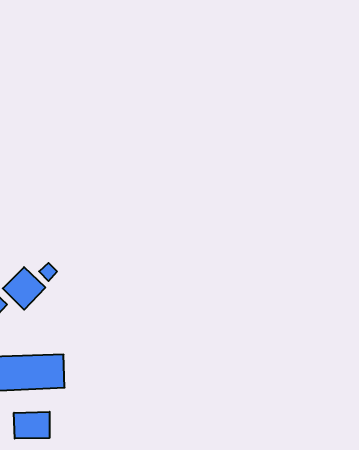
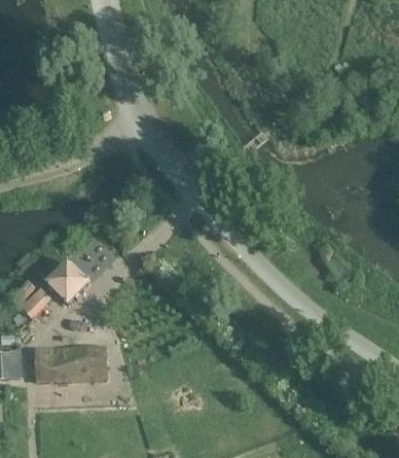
building: [14,412,50,439] -> none

